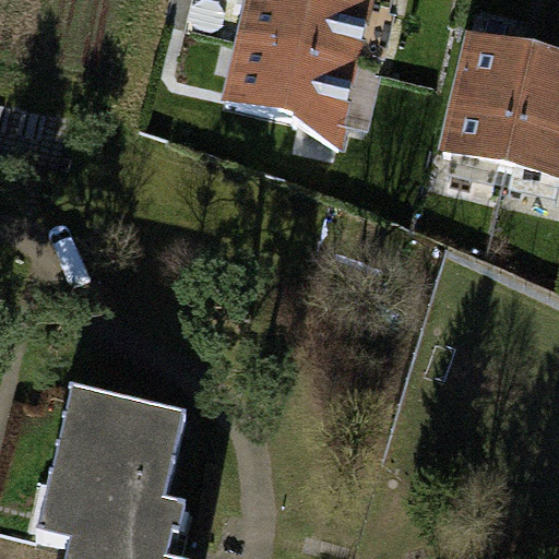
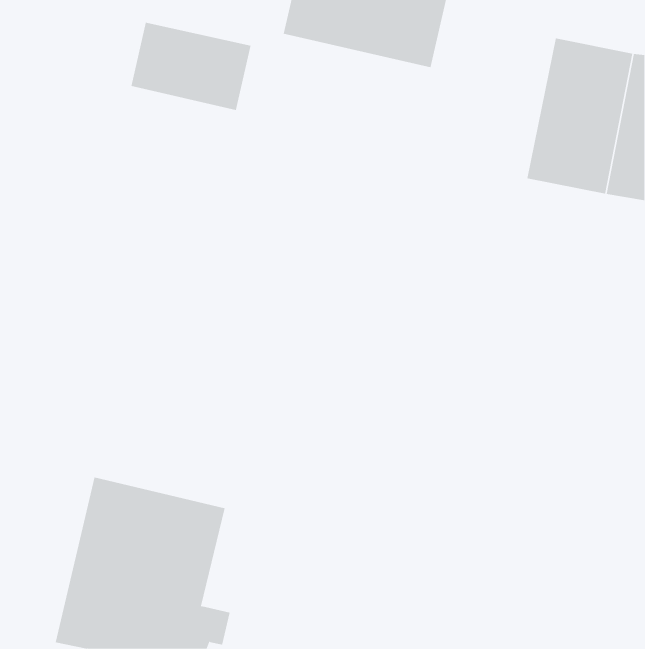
building: none -> [131,22,251,111]
building: [224,28,361,118] -> none

